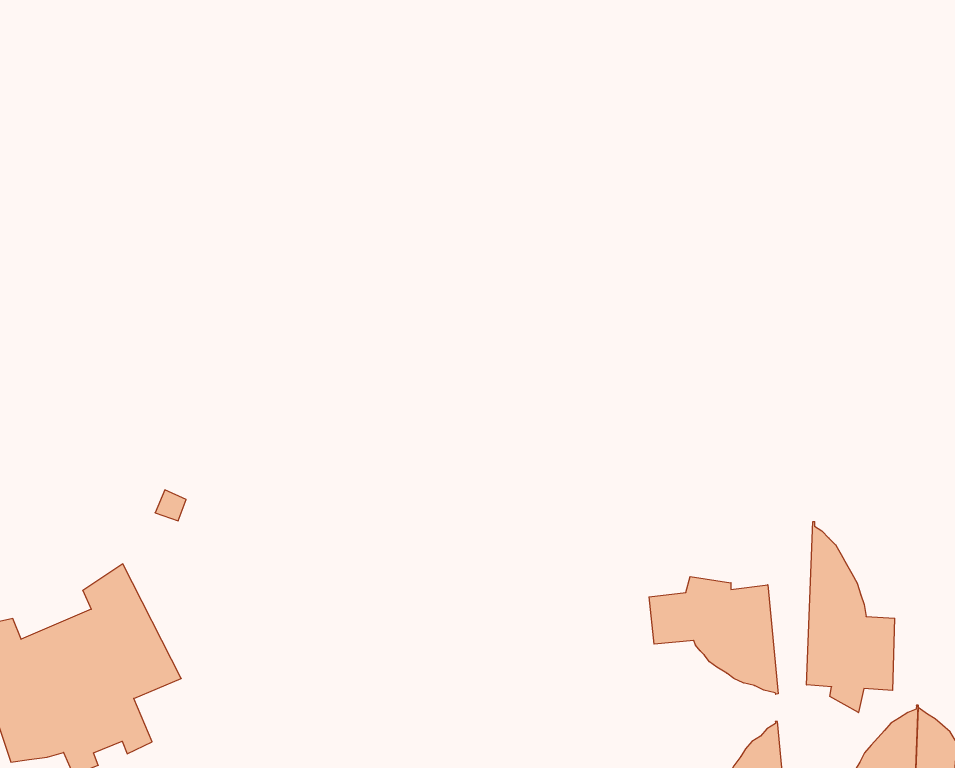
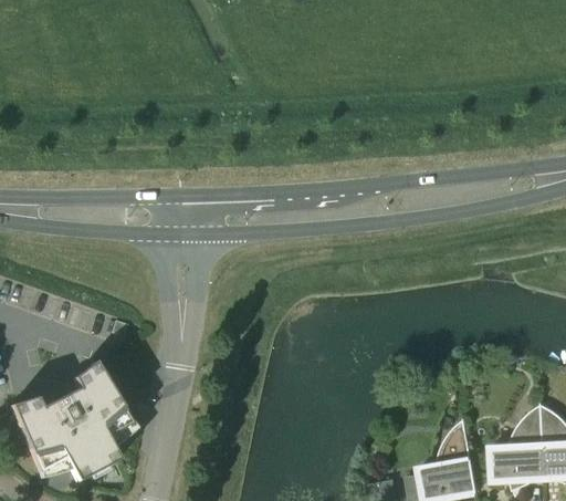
building: [807,522,895,713] -> none
building: [649,577,778,694] -> none

